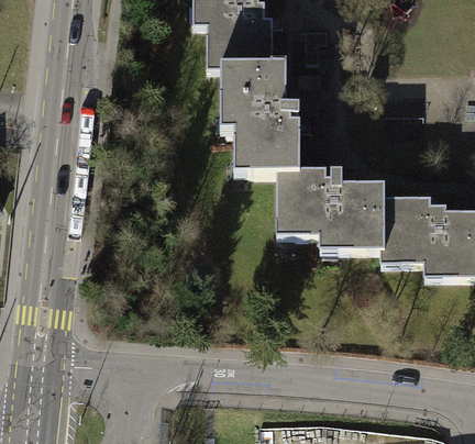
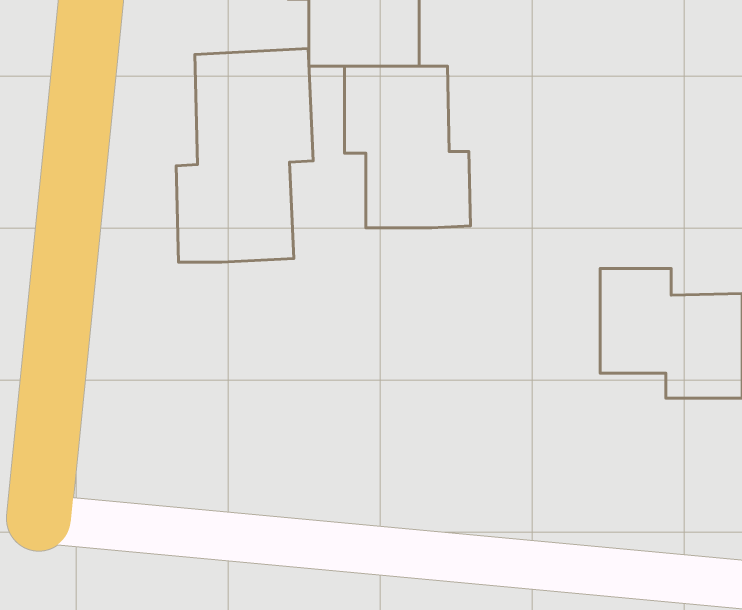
building: none -> [176,49,313,262]
building: [281,175,386,254] -> none

